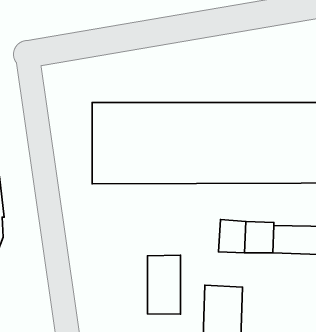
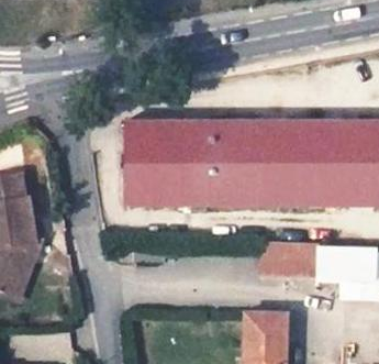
building: [147,255,181,314] -> none

